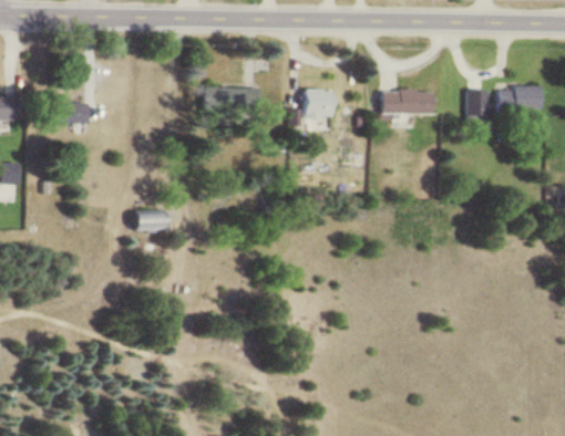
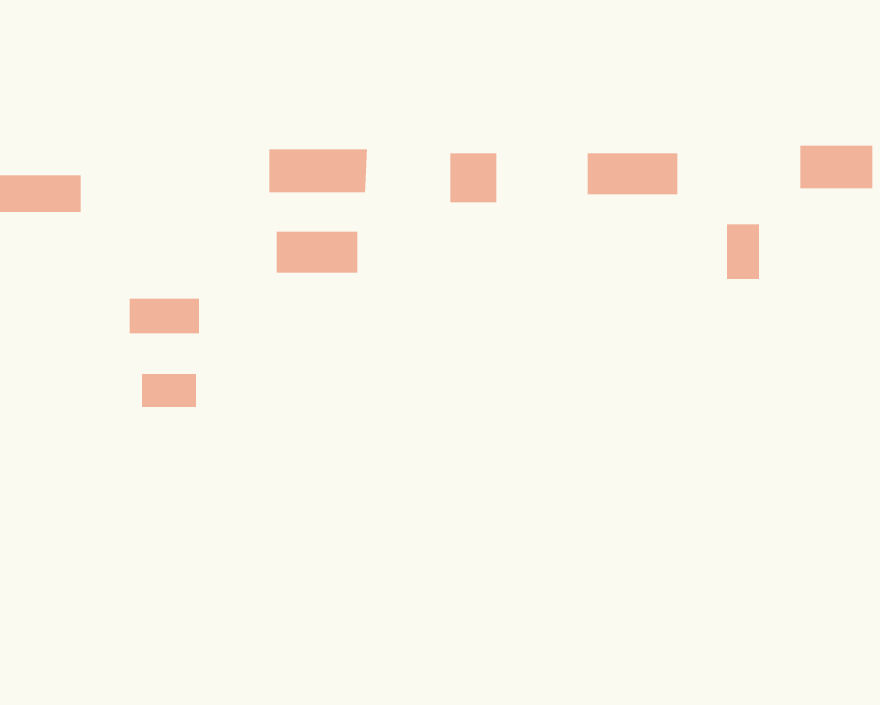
building: [469,87,487,118] -> [726,224,760,280]
building: none -> [276,231,358,273]
building: none -> [129,298,199,334]

